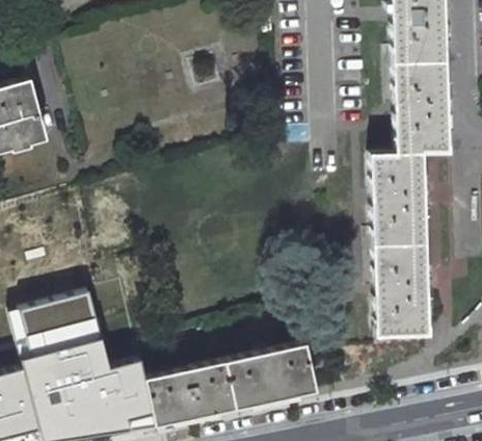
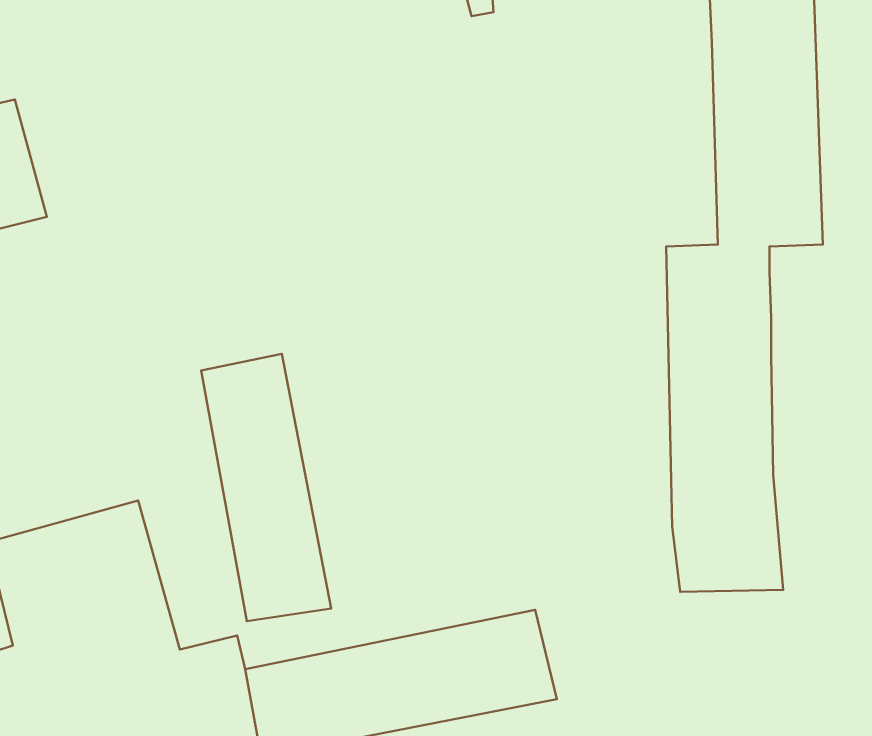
building: none -> [201,354,331,621]

